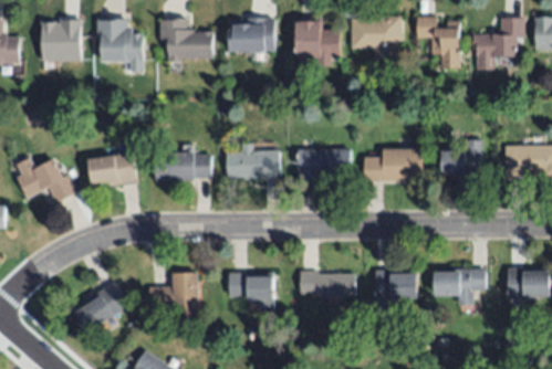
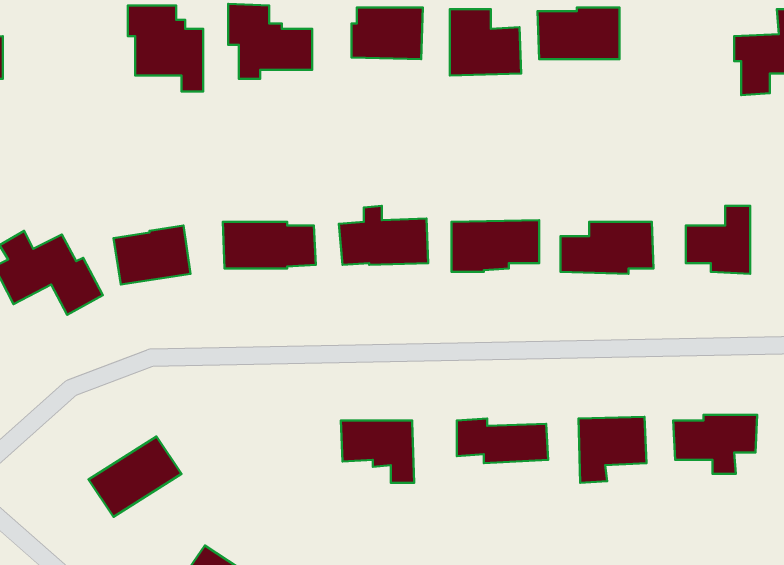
building: [416,18,459,57] -> none
building: [40,21,79,62] -> none
building: [148,272,199,313] -> none

